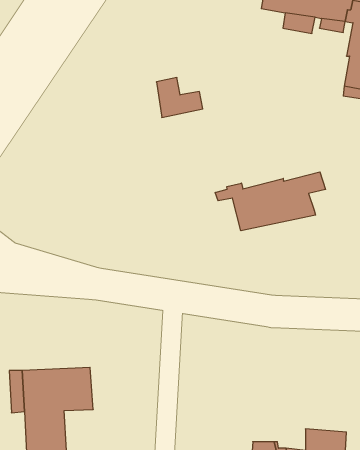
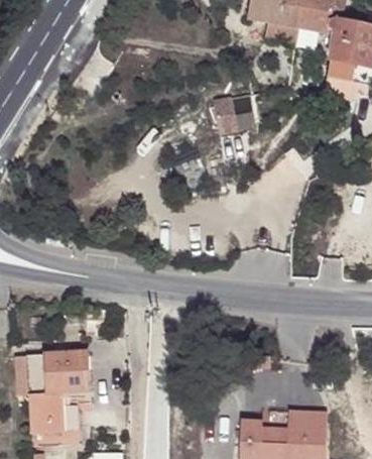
building: [156,78,203,117] -> [215,95,258,132]
building: [215,172,326,231] -> none

